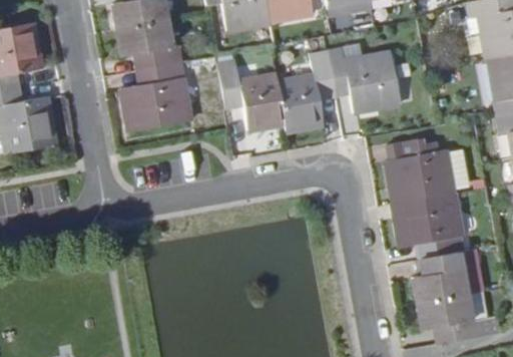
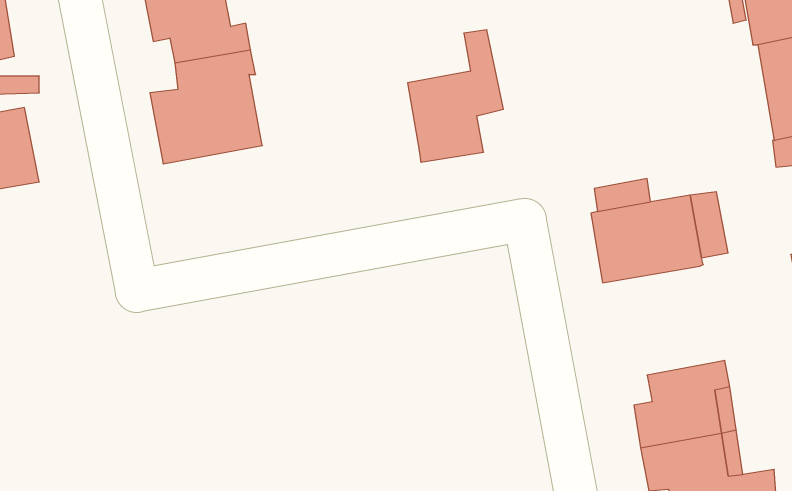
building: [325,47,398,111] -> none
building: [216,59,284,130] -> none
building: [393,194,464,260] -> none

